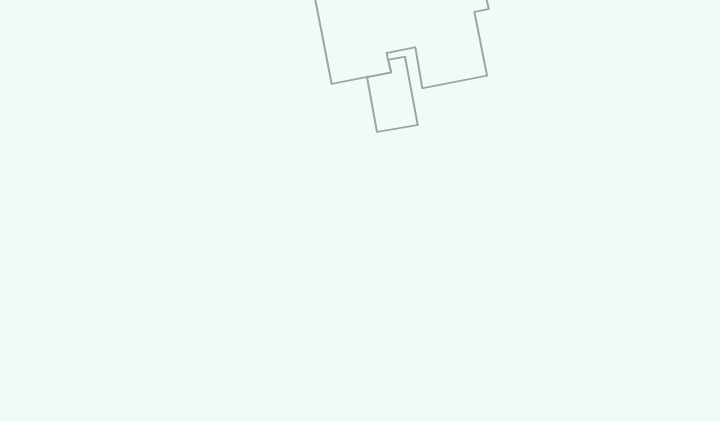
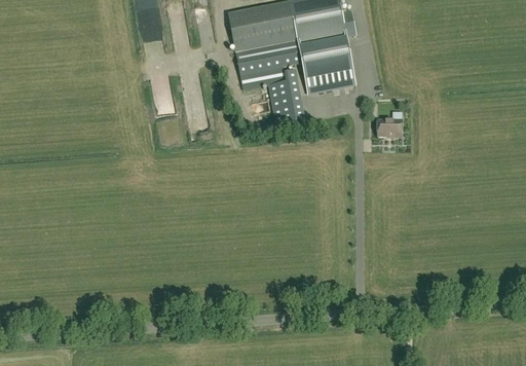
building: none -> [376,117,401,136]

